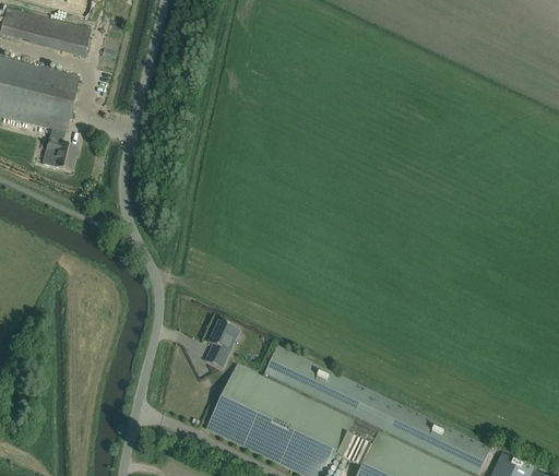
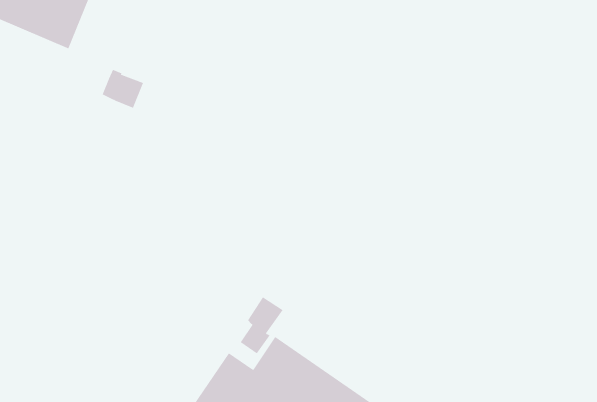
building: [41,141,75,171] -> [102,69,144,109]
building: [204,320,237,369] -> [240,297,284,354]

